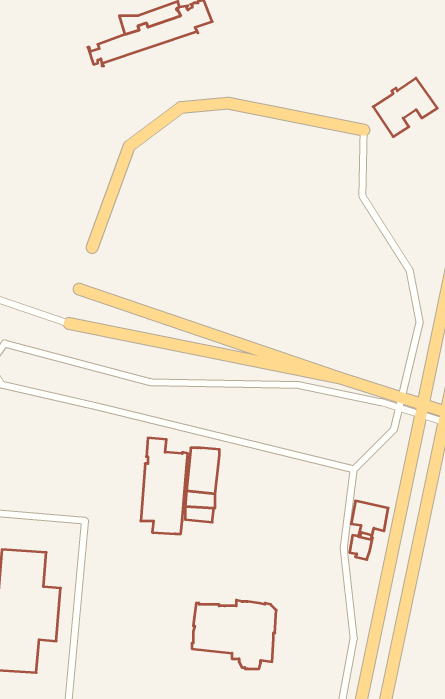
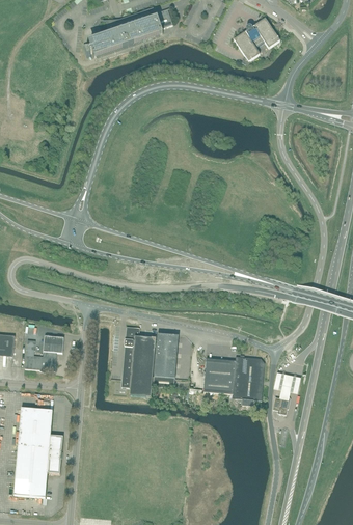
building: [373,78,437,137] -> [234,18,280,60]
building: none -> [25,335,64,371]
building: [192,600,276,669] -> [203,355,265,405]

